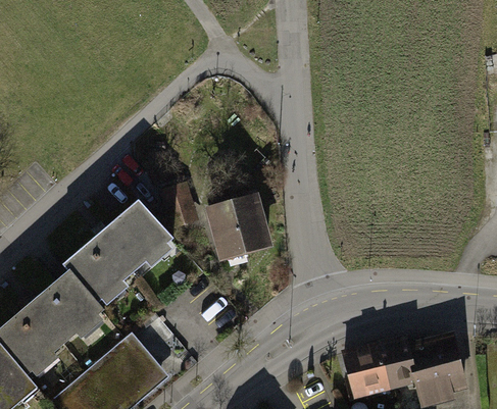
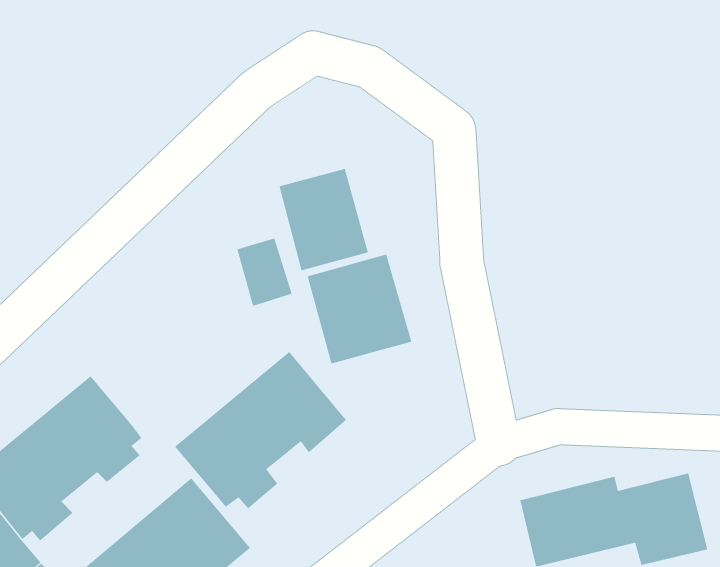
building: none -> [279,168,368,271]
building: [63,201,173,302] -> [174,351,347,509]

